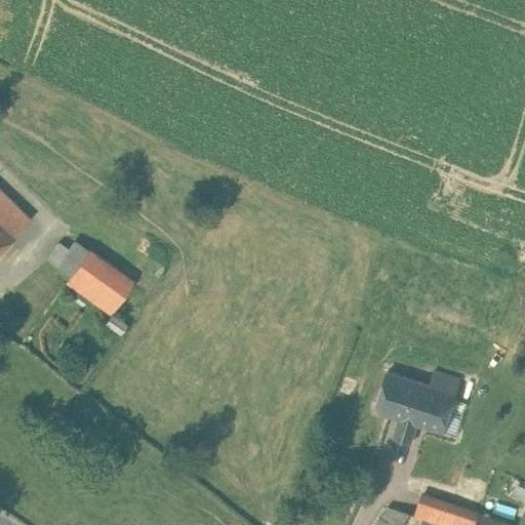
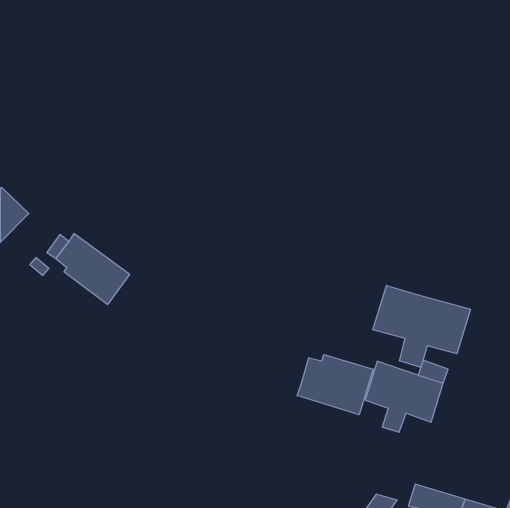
building: none -> [373,285,470,368]
building: none -> [297,355,373,415]

